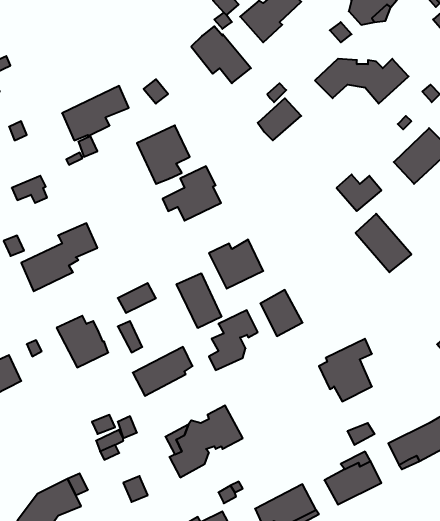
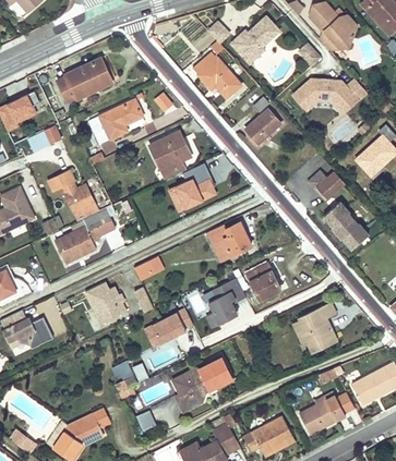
building: none -> [57,58,112,101]
building: none -> [64,184,98,221]
building: [177,273,221,328] -> none

